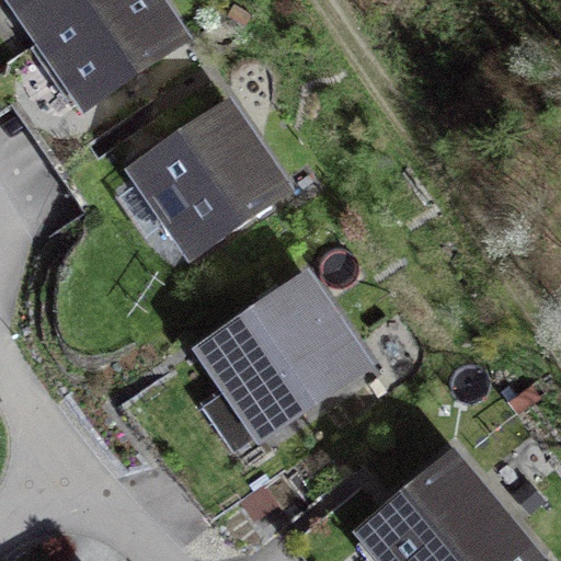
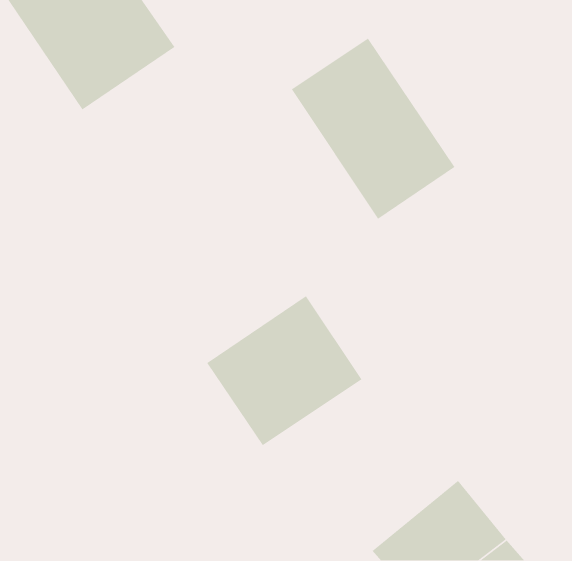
building: none -> [291,38,456,220]
building: [136,116,278,255] -> none

